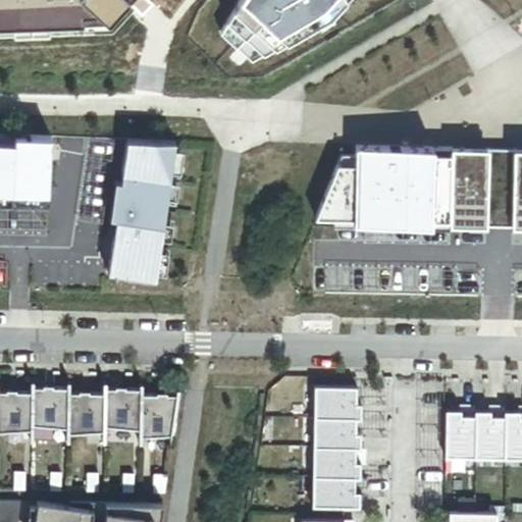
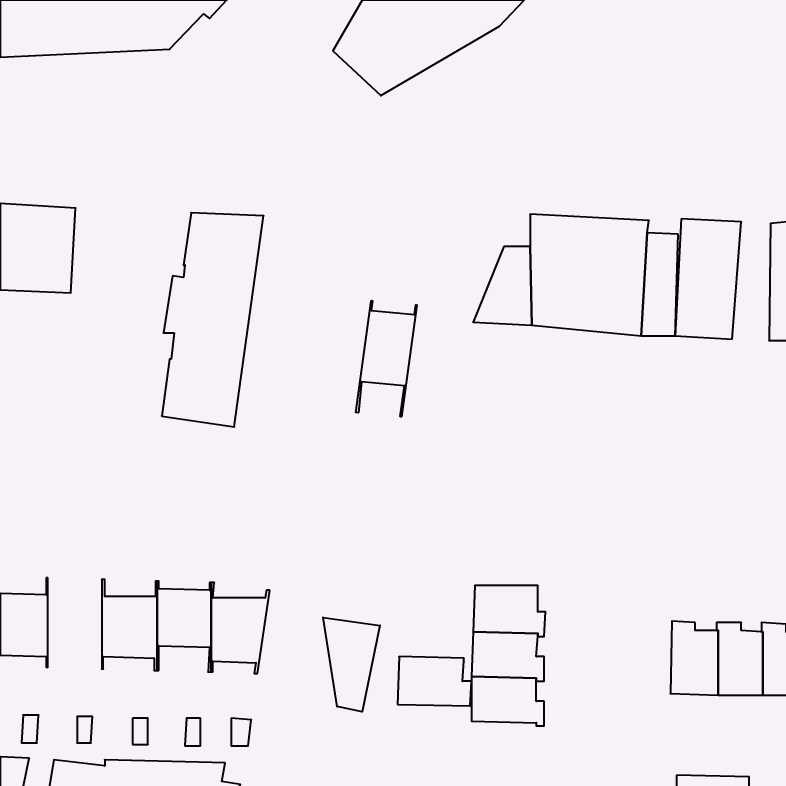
building: [485,148,511,226] -> none
building: none -> [356,301,417,417]
building: [33,383,68,443] -> none
building: none -> [323,617,380,712]
building: [312,478,361,511] -> [398,657,472,706]

